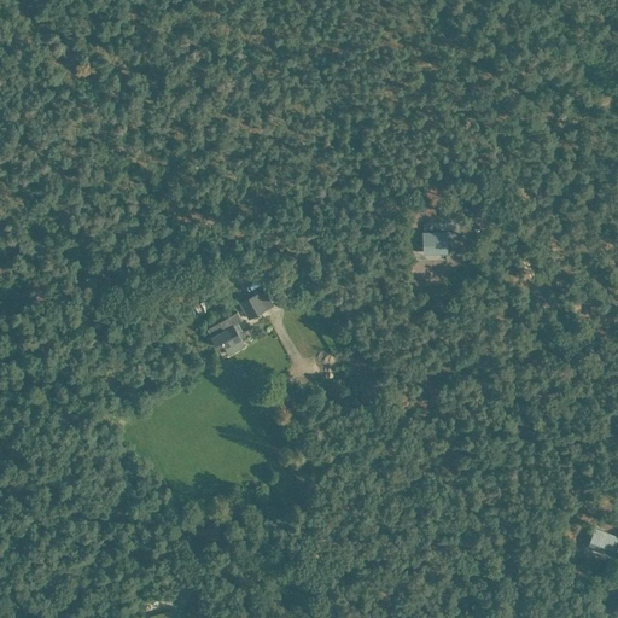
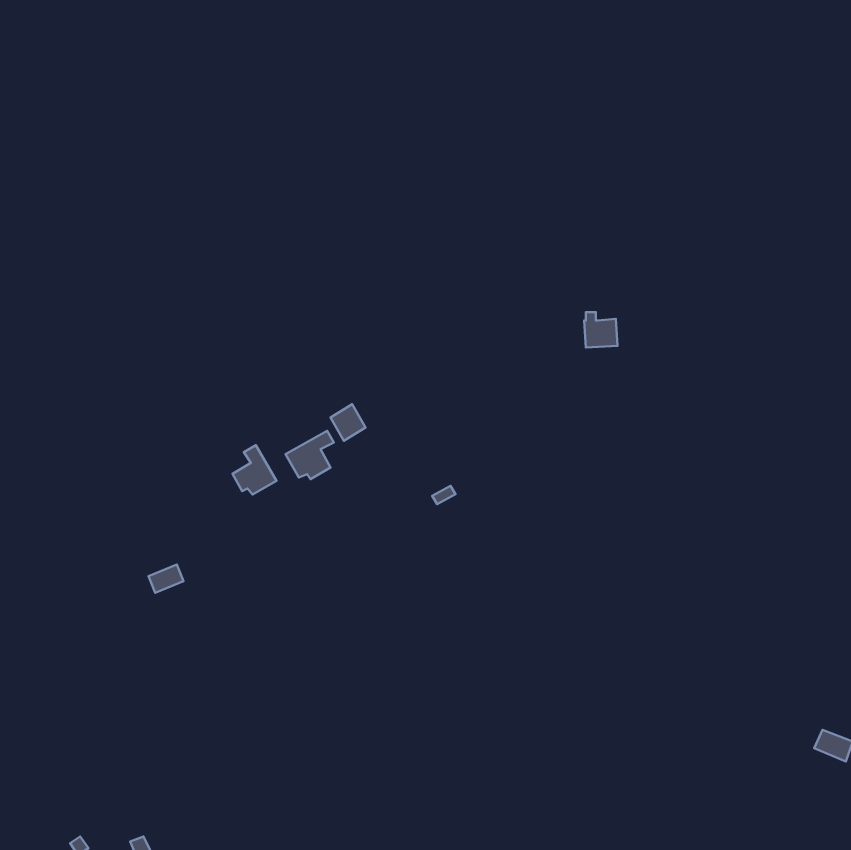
building: none -> [232,445,276,494]

